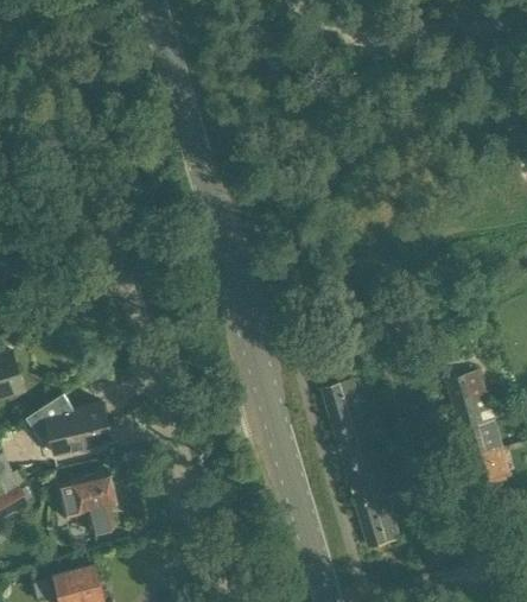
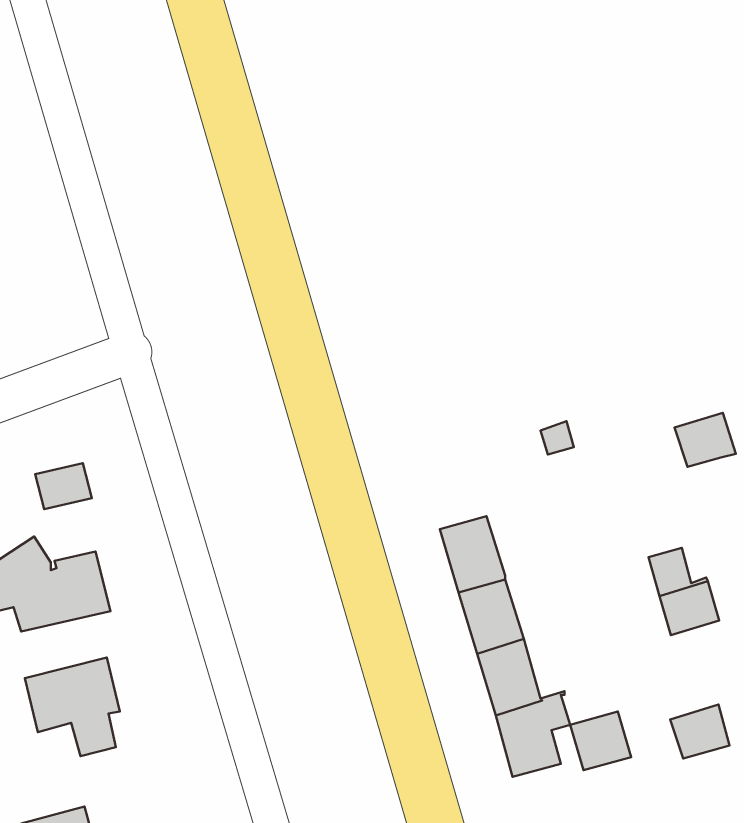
building: none -> [35,463,92,509]
building: [447,372,487,406] -> [674,413,736,467]
building: [470,446,508,481] -> [670,705,730,759]
building: none -> [570,712,631,770]

